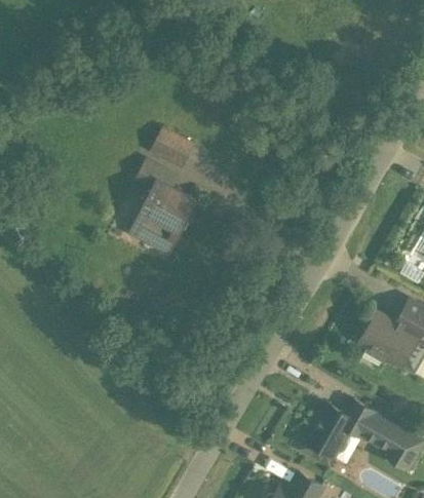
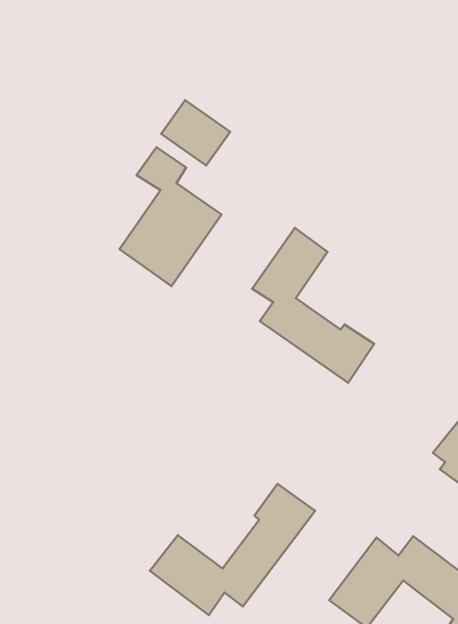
building: none -> [252,228,374,383]
building: none -> [150,484,315,615]

